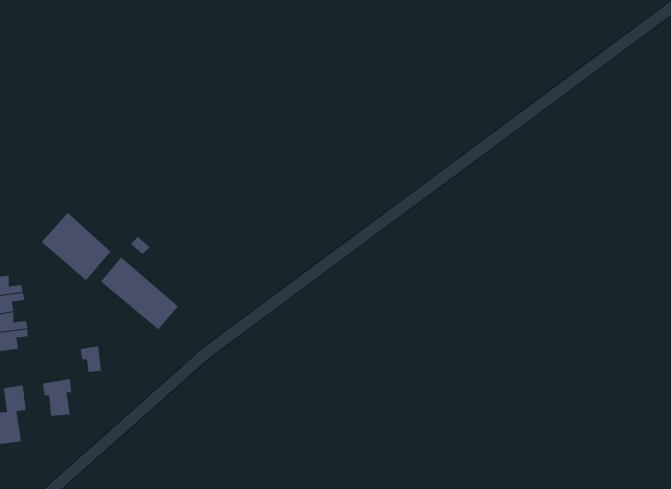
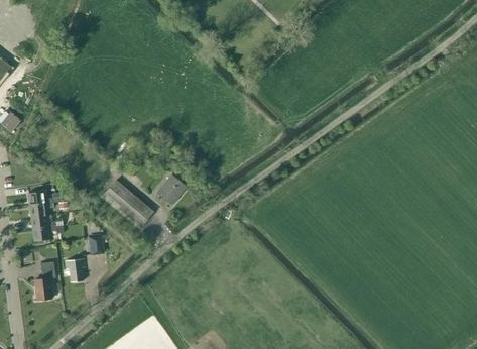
building: [41,212,111,281] -> none
building: none -> [156,174,184,203]

